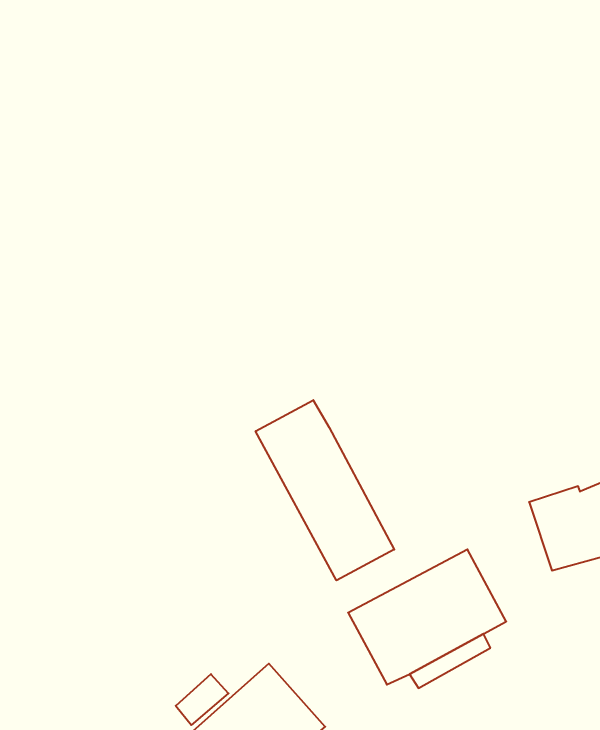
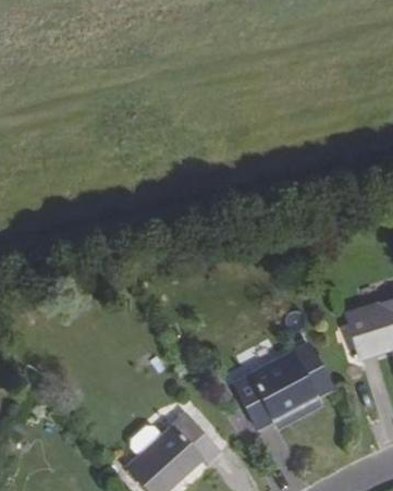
building: [256,400,394,580] -> none

